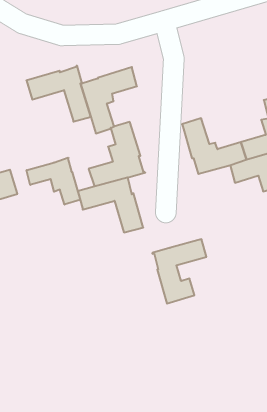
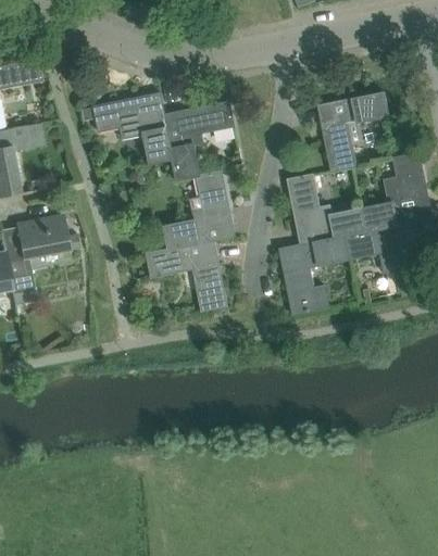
building: none -> [317,91,389,170]
building: [27,158,80,205] -> none
building: [152,239,206,304] -> [279,236,348,314]

